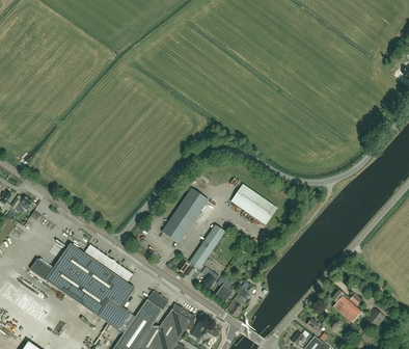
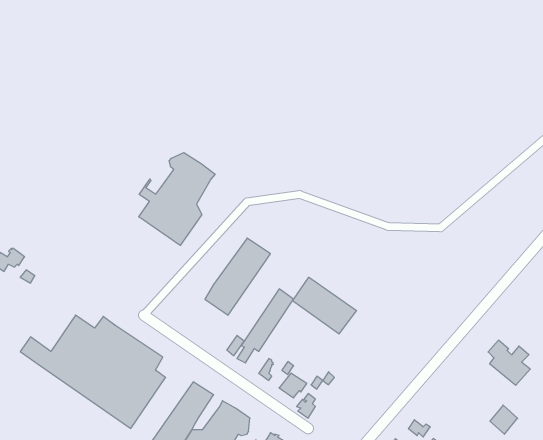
building: none -> [139,153,215,245]
building: [231,184,277,224] -> [293,277,357,334]
building: [332,290,362,322] -> [488,340,530,385]

